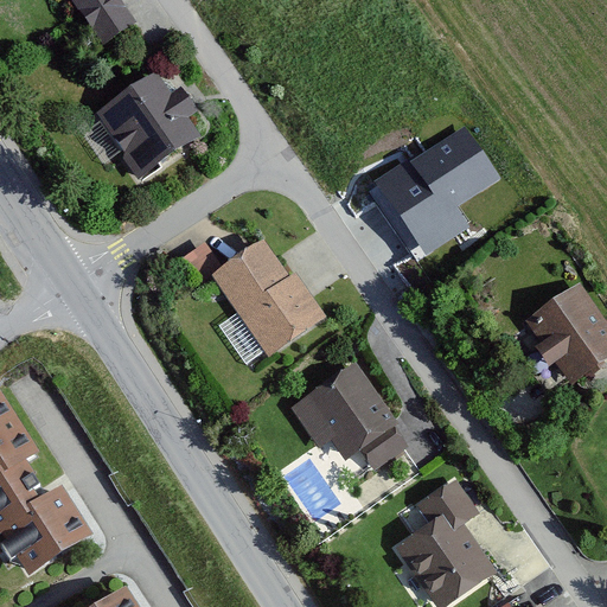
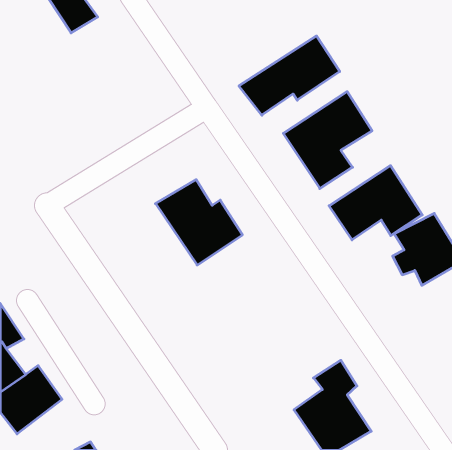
building: none -> [239,36,340,115]
building: [97,74,193,172] -> none
building: none -> [329,166,422,240]
building: [290,365,407,468] -> none

